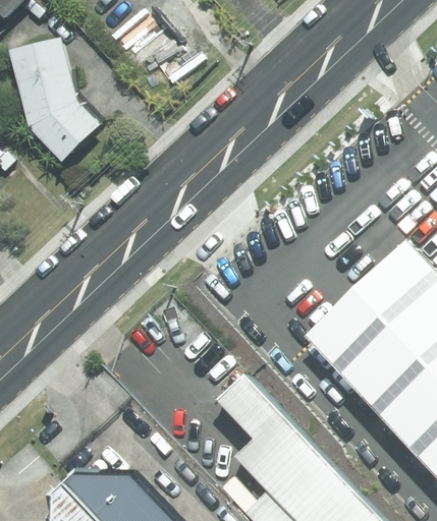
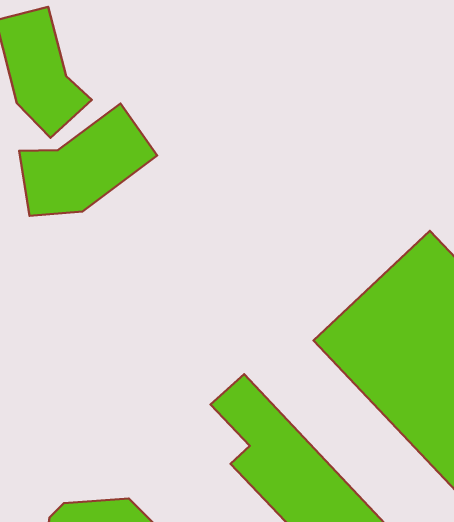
building: none -> [19,103,157,216]

